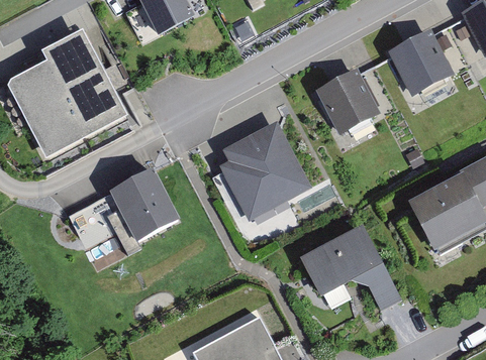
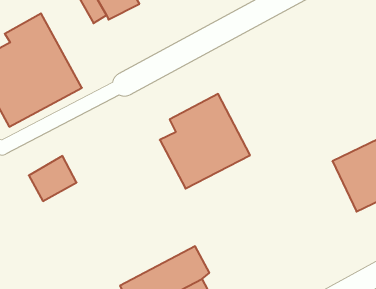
building: [382,20,450,89] -> none
building: [316,59,381,129] -> none
building: [106,172,179,241] -> none
building: [297,226,397,311] -> none

